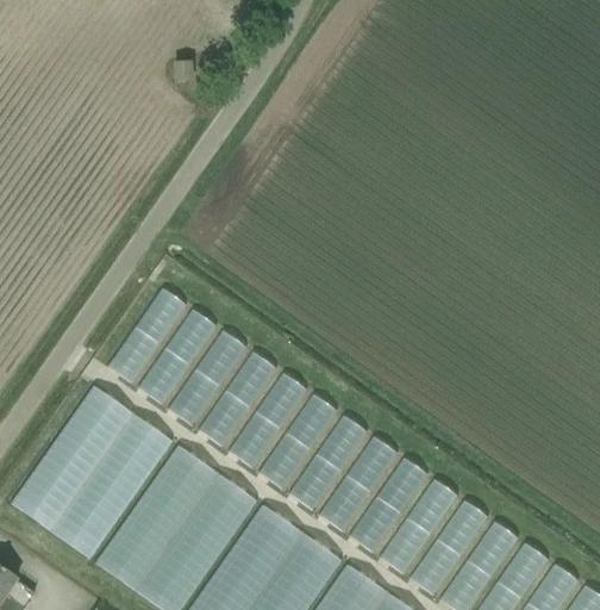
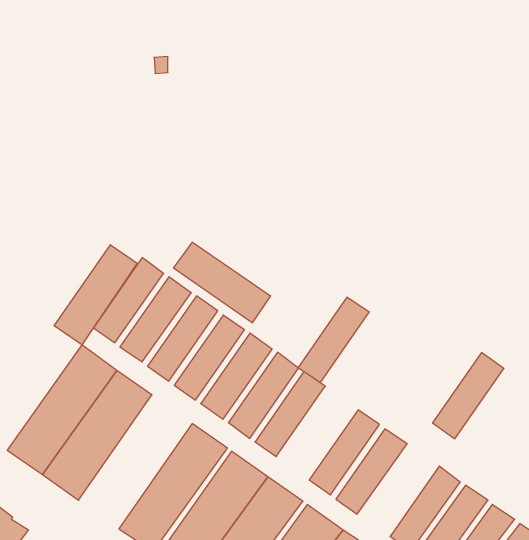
building: none -> [174,242,271,323]
building: none -> [54,245,137,345]
building: [318,437,398,533] -> [298,297,369,382]
building: [95,446,218,592] -> none
building: [408,500,488,597] -> [433,353,504,439]

